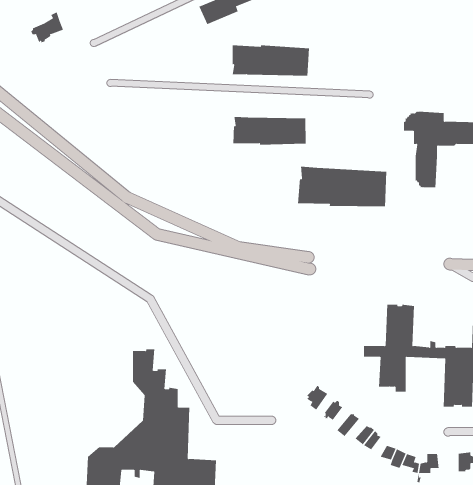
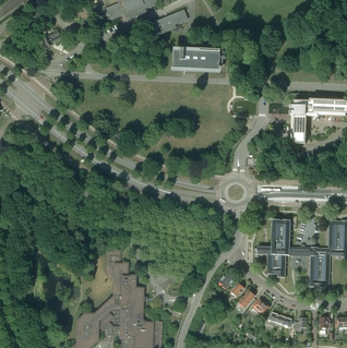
building: [233,116,306,145] -> none
building: [298,166,387,207] -> none

